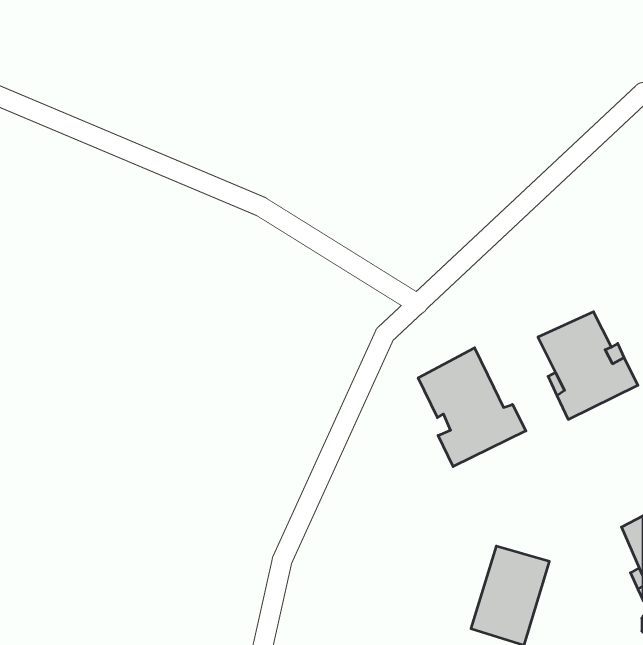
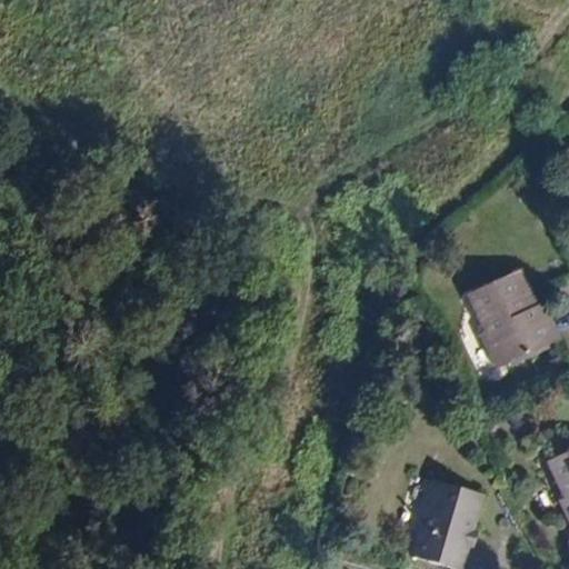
building: [418,348,526,467] -> none

